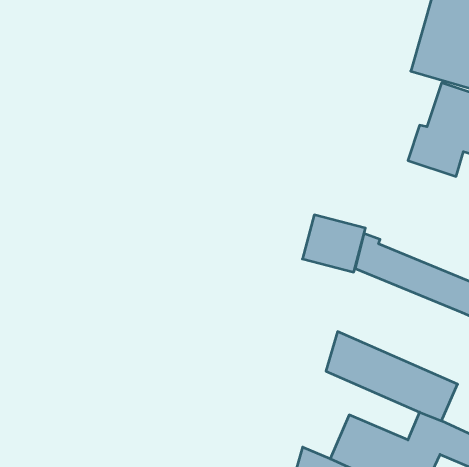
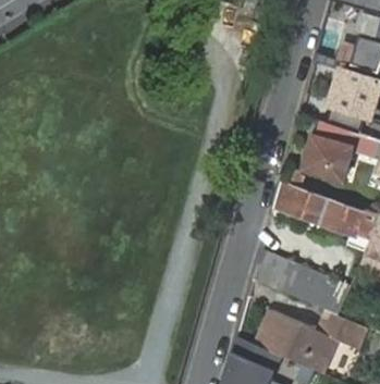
building: [302,215,365,272] -> [304,136,351,178]

